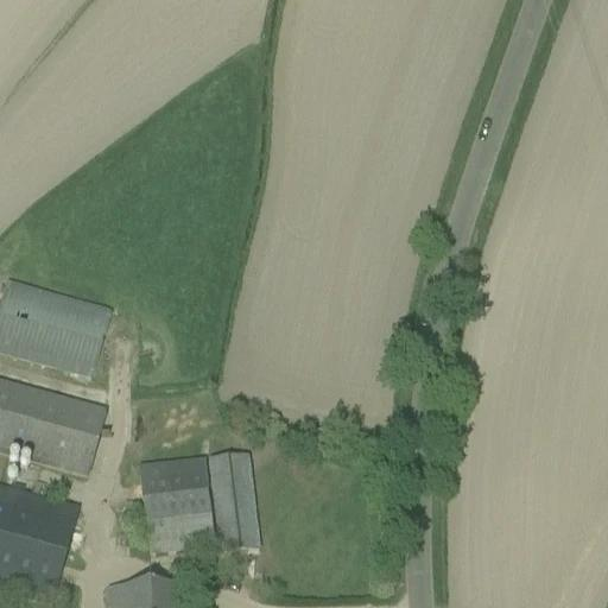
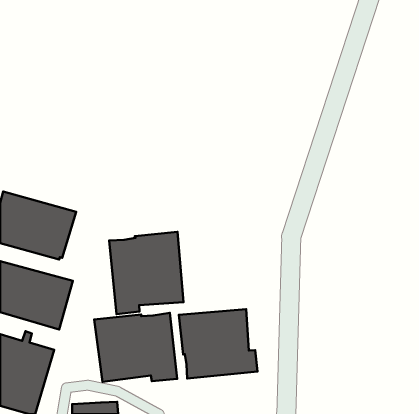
building: none -> [109,232,184,314]
building: none -> [179,309,258,379]

